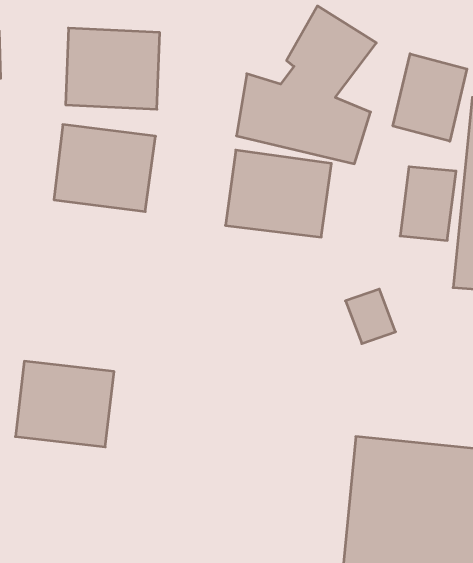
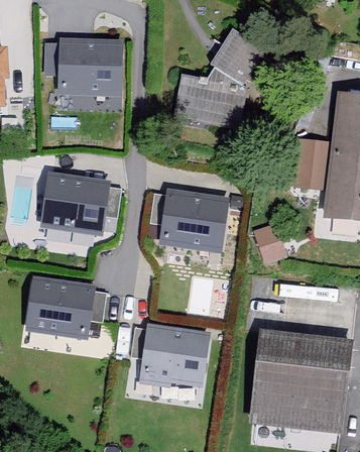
building: [393,54,467,141] -> none
building: [54,125,156,212] -> [39,176,109,235]
building: [225,150,331,237] -> [156,195,229,254]
building: none -> [135,319,211,383]

